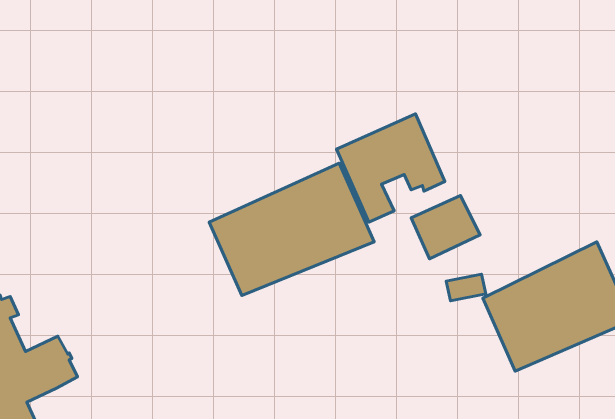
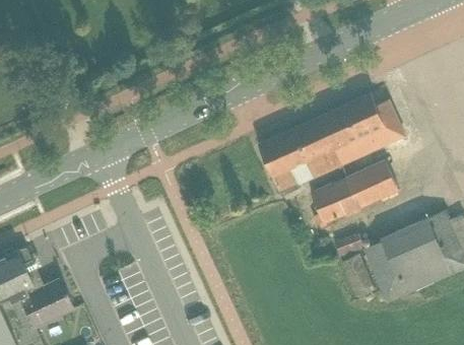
building: none -> [315,92,404,166]
building: [209,163,374,295] -> none
building: none -> [349,165,395,205]

